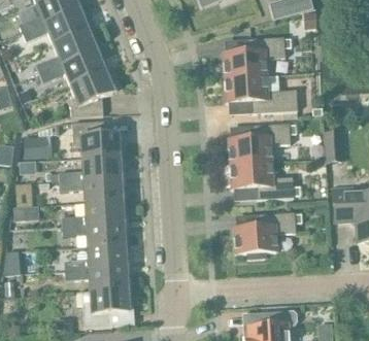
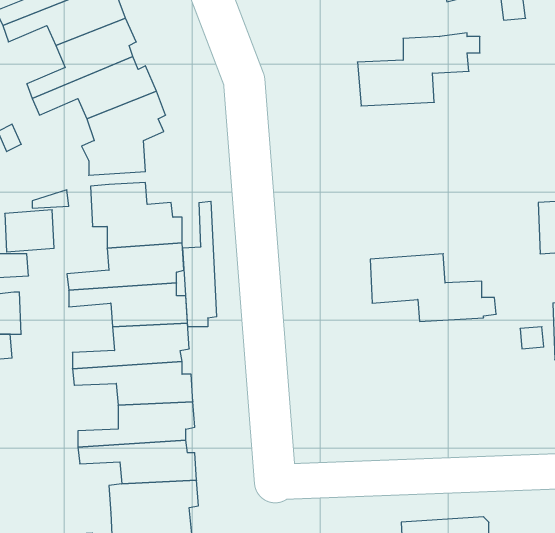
building: [225,75,304,112] -> none
building: [229,123,297,164] -> none
building: none -> [183,201,217,327]
building: [234,211,302,259] -> none

